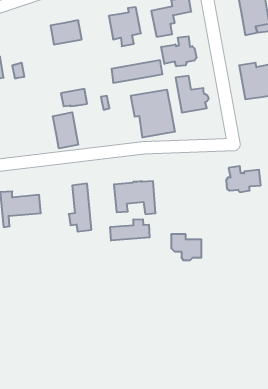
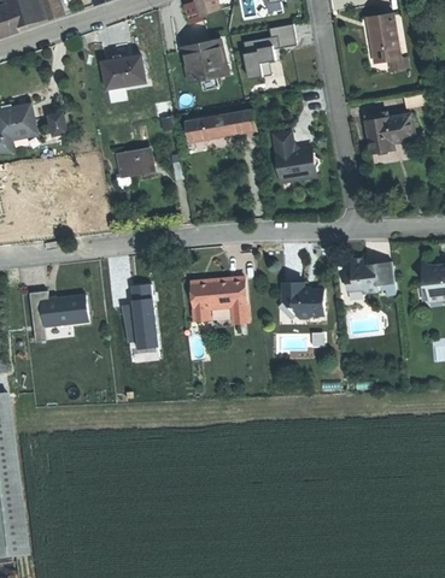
building: [161,36,196,66] -> none
building: [131,90,175,138] -> none
building: [53,112,78,148] -> none
building: [110,219,150,241] -> none
building: [171,234,201,260] -> [281,281,323,317]

